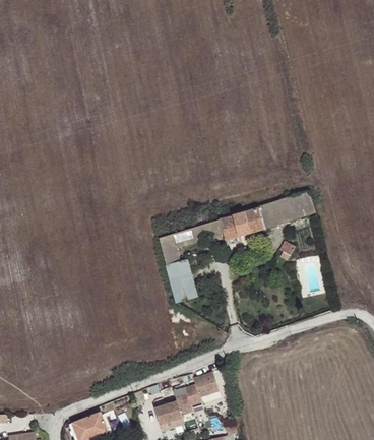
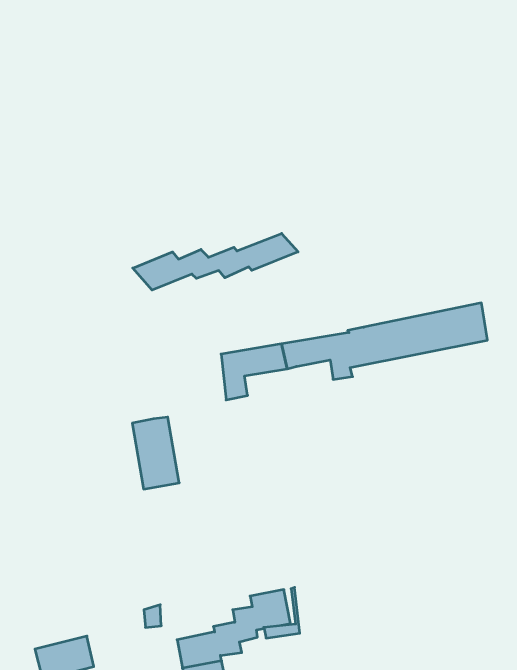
building: none -> [133,233,298,290]
building: [165,259,196,303] -> [132,417,179,489]

